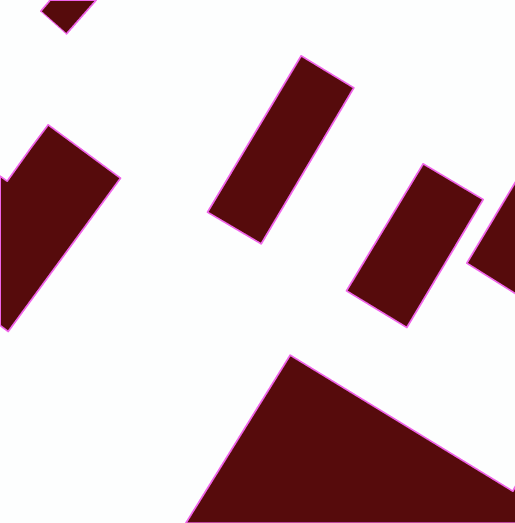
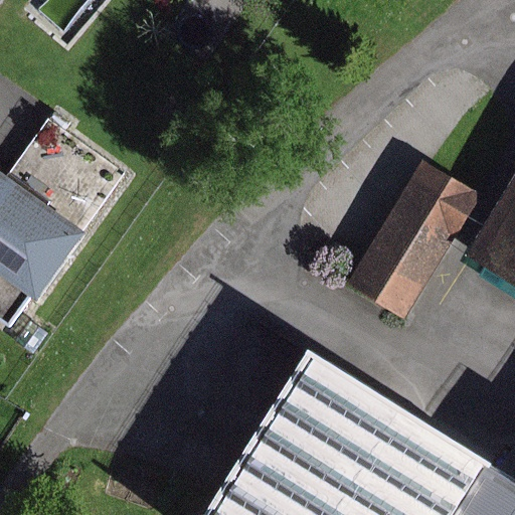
building: [207,56,354,244] -> none

